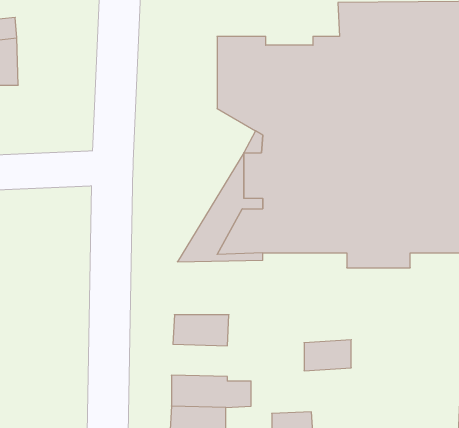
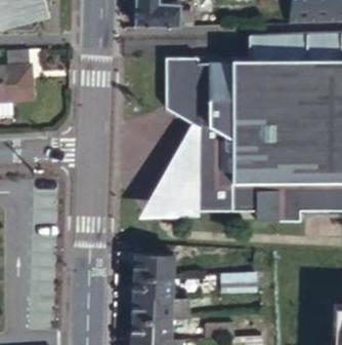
building: none -> [134,275,173,298]

